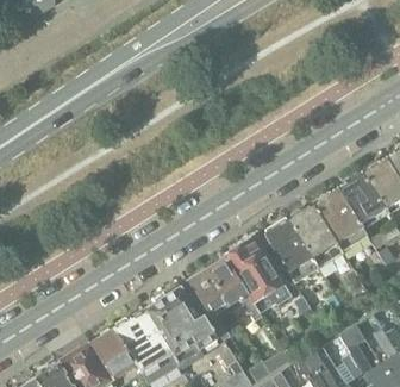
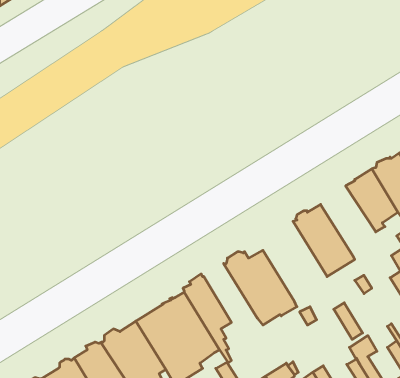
building: [313,187,368,251] -> none
building: [264,219,319,283] -> none
building: [207,257,261,319] -> none

